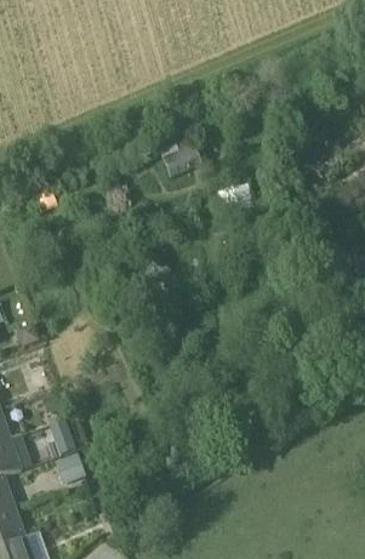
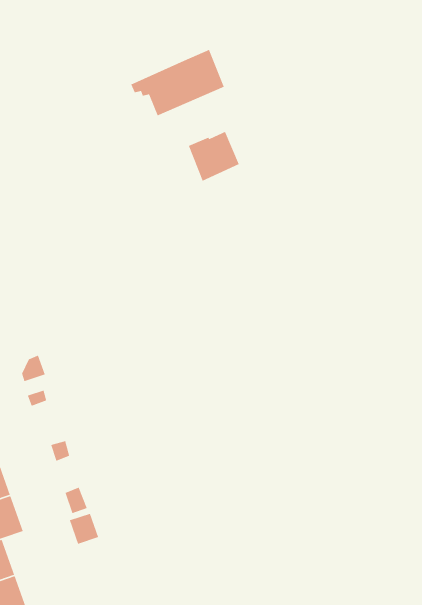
building: none -> [130,49,225,117]

